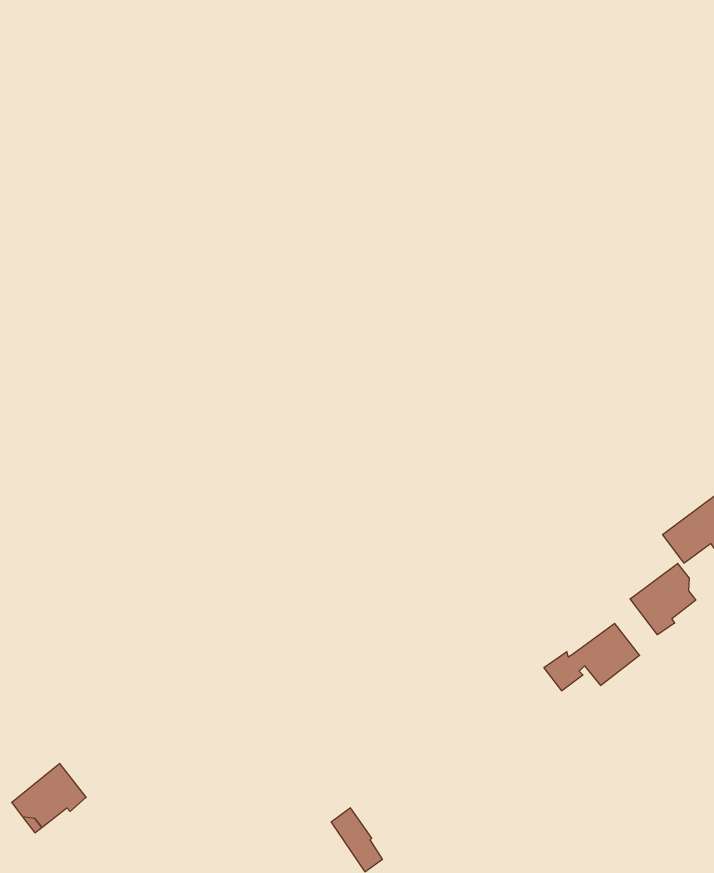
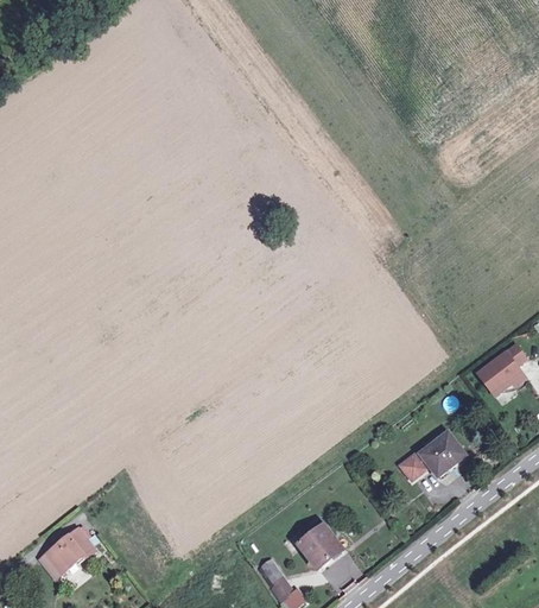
building: [630,563,696,635] -> none
building: none -> [297,519,341,568]

